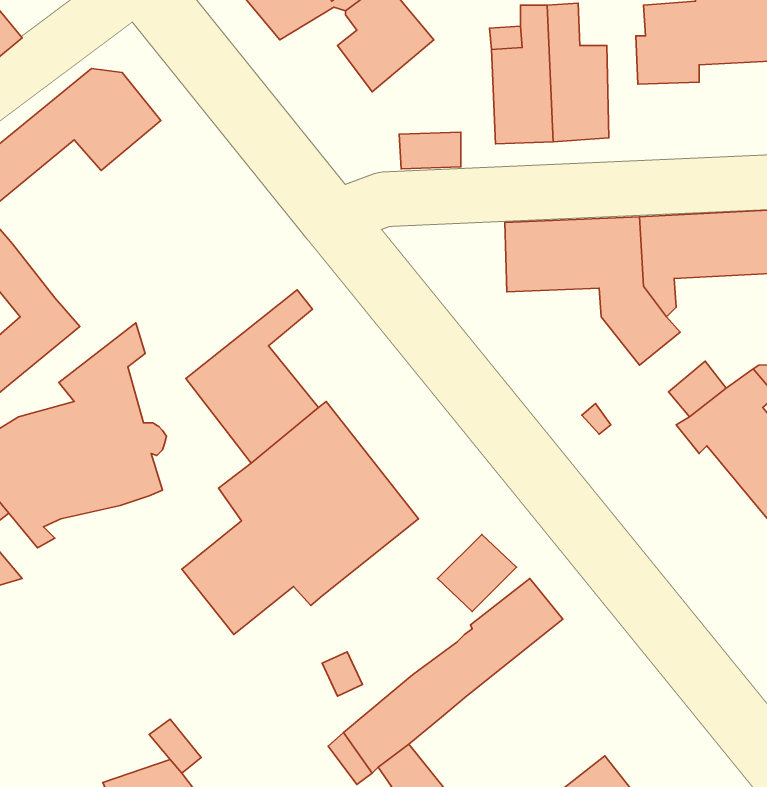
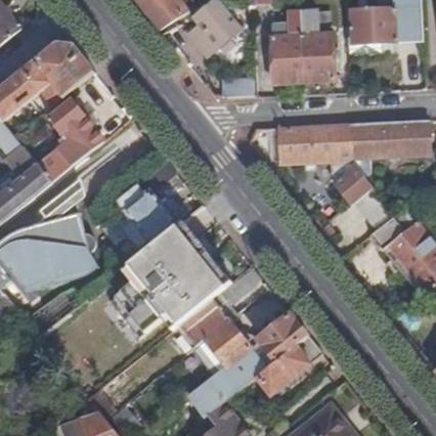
building: none -> [38,99,103,181]
building: none -> [180,267,261,366]
building: none -> [257,337,322,395]

